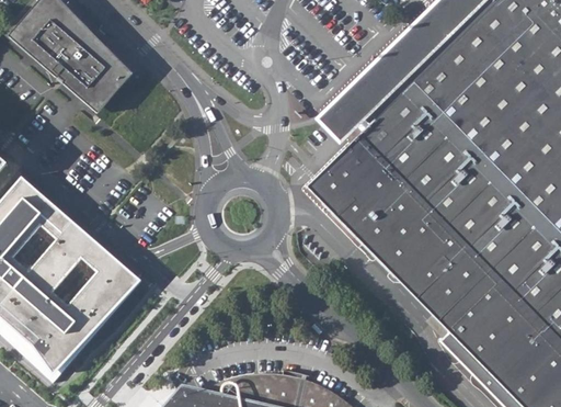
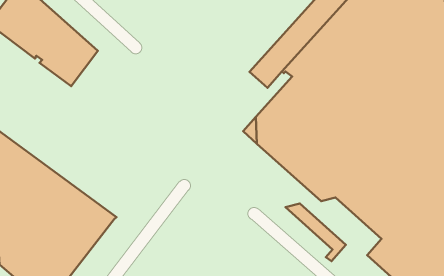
building: [396,275,466,348] -> [285,204,346,261]

